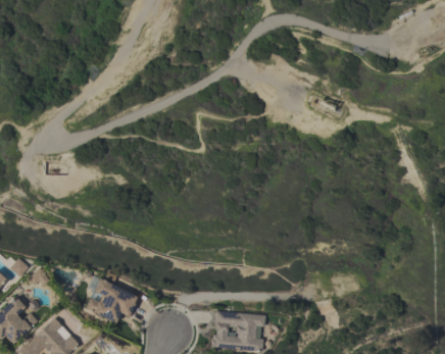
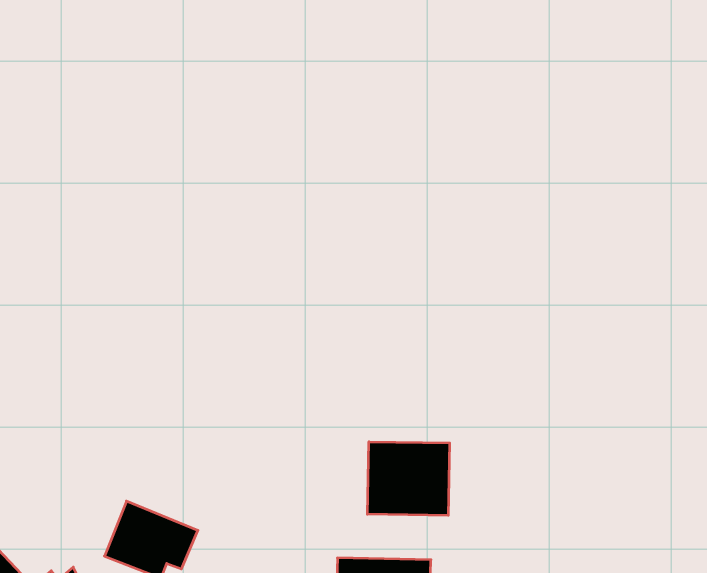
building: none -> [367,442,450,515]

